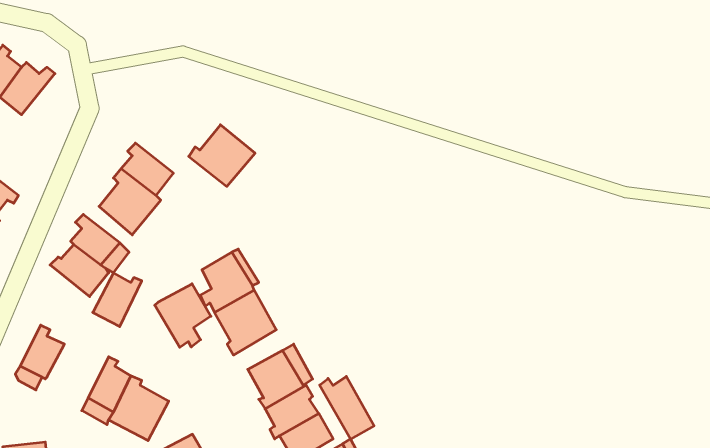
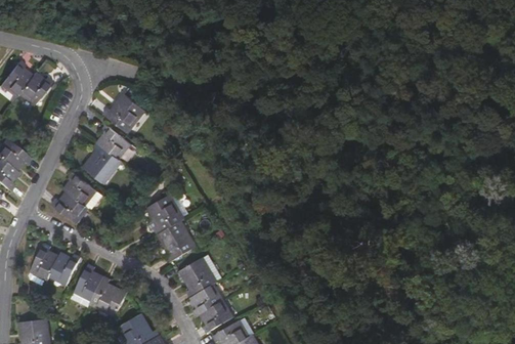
building: [189,125,255,186] -> [102,93,145,133]
building: [93,273,142,327] -> [48,251,80,286]
building: [155,284,211,347] -> none
building: [320,376,374,439] -> none

